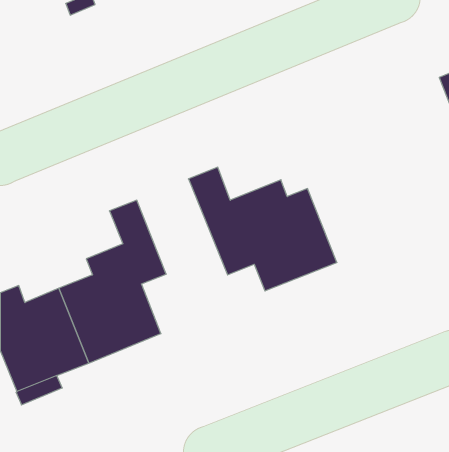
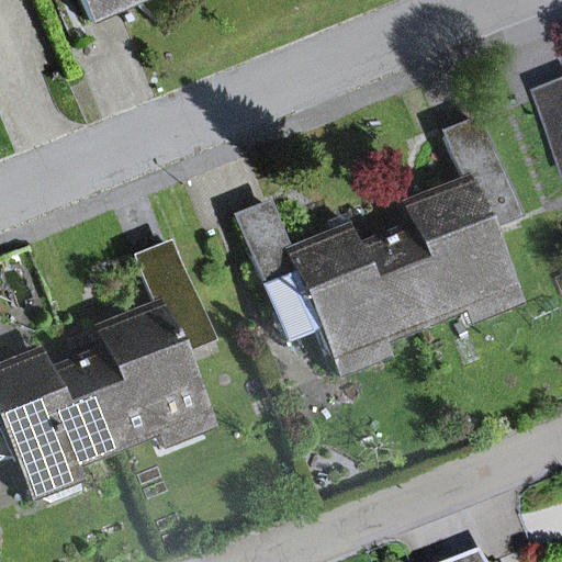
building: none -> [386,123,519,324]

